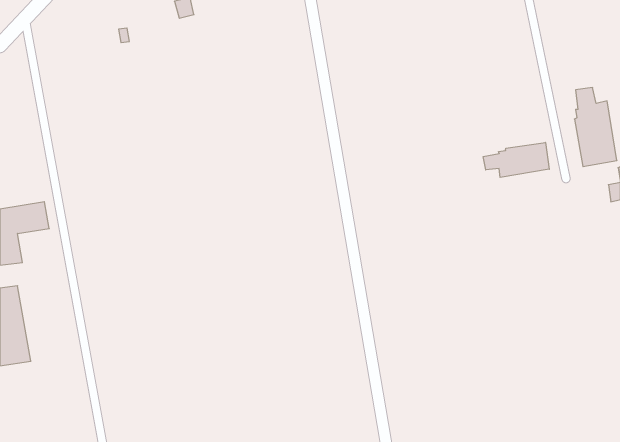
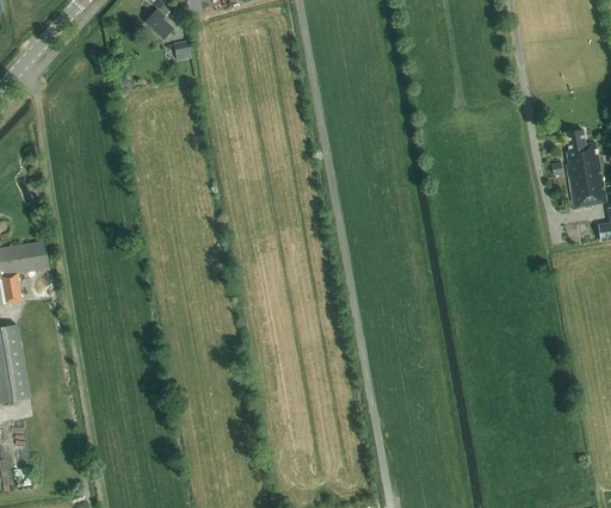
building: [483,142,549,177] -> none

